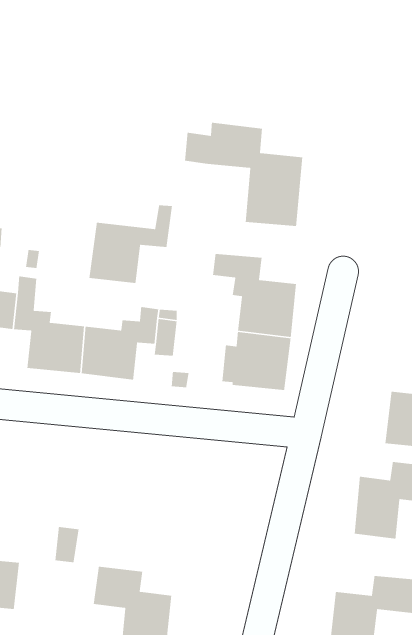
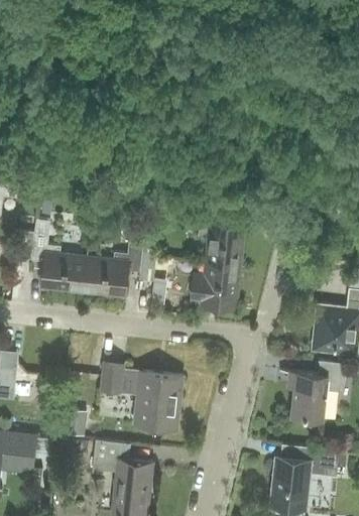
building: [184,122,303,227] -> none
building: [89,205,173,284] -> none
building: none -> [100,362,184,427]

